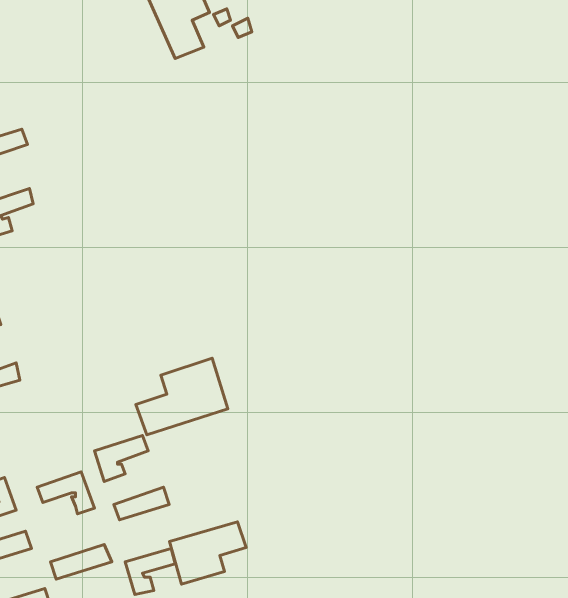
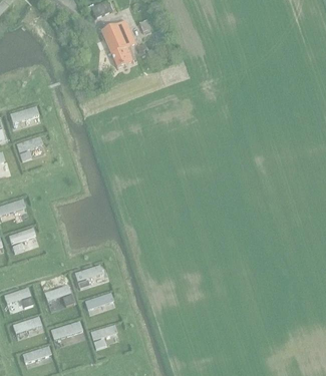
building: [136,358,228,435] -> none
building: [169,522,246,584] -> none

